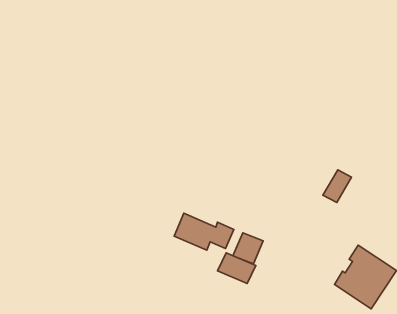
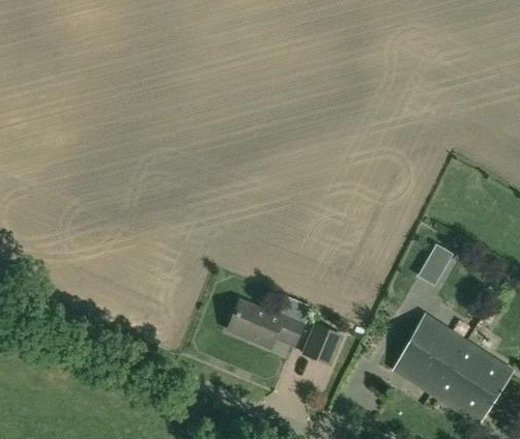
building: none -> [396,317,462,389]
building: [218,253,256,284] -> none

